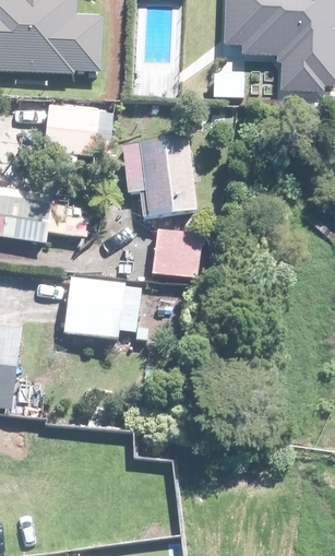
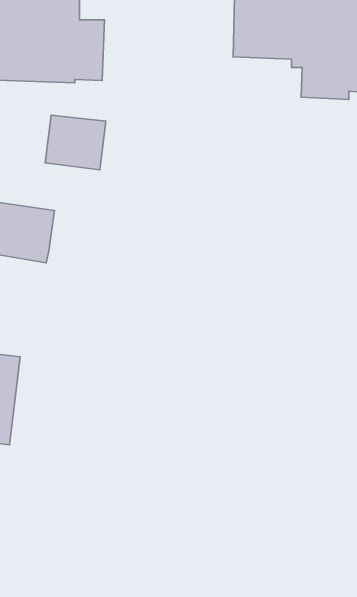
building: [123,135,196,217] -> none
building: [154,229,203,277] -> none
building: [65,277,141,338] -> none

